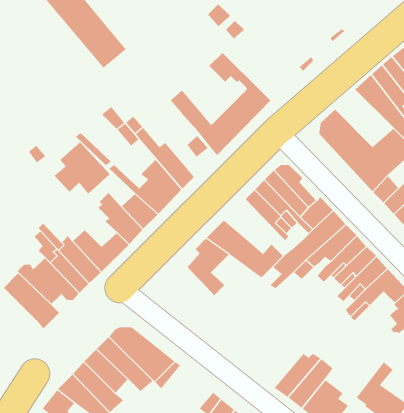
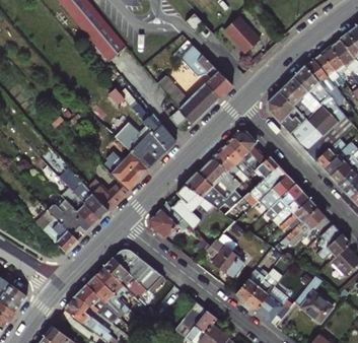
building: none -> [223,15,259,51]
building: none -> [279,76,321,118]
building: [53,141,111,194] -> none
building: none -> [198,156,238,189]
building: none -> [150,202,182,237]
building: none -> [205,234,245,278]

